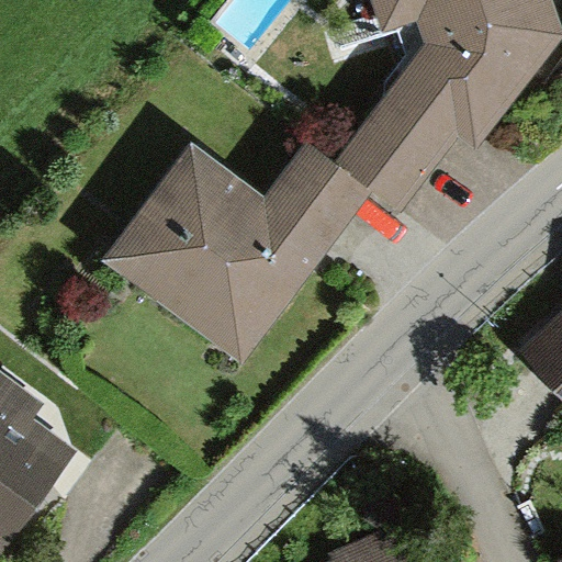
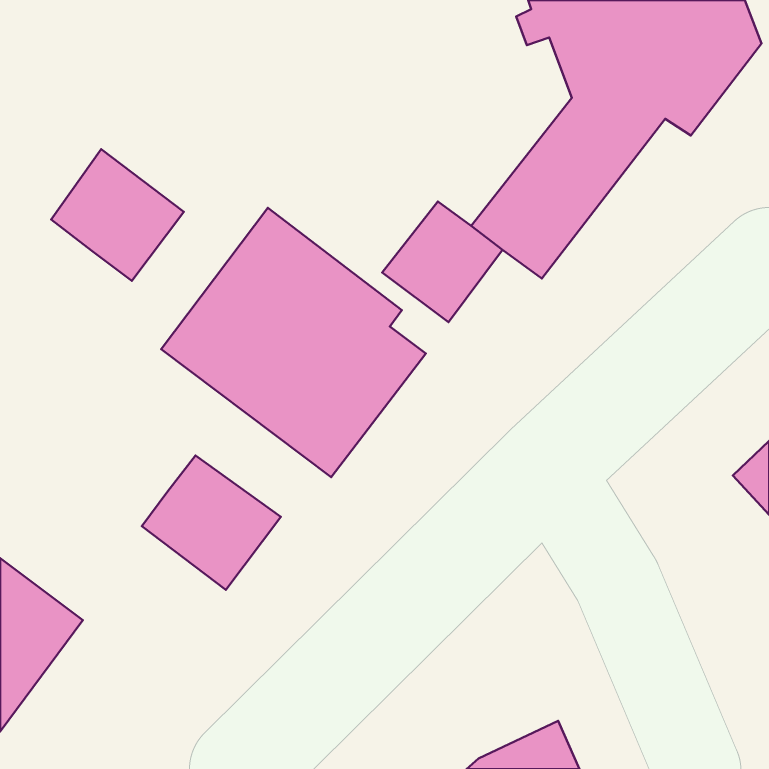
building: none -> [51,149,184,281]
building: none -> [142,455,281,590]

